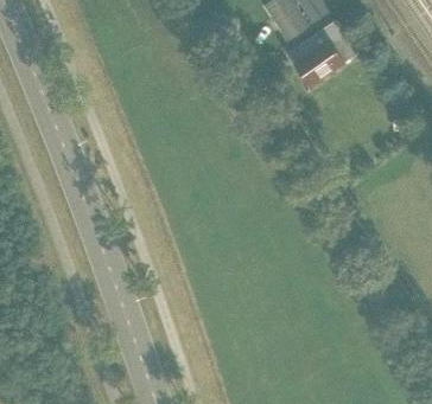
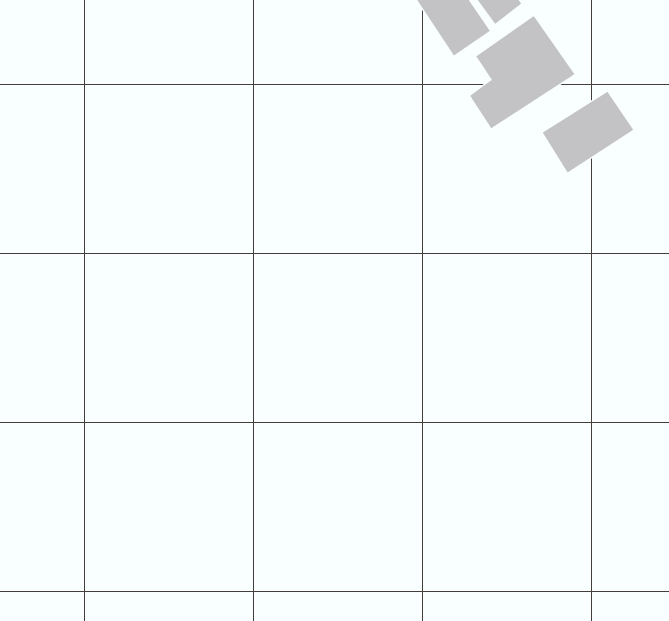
building: none -> [542,91,634,173]

